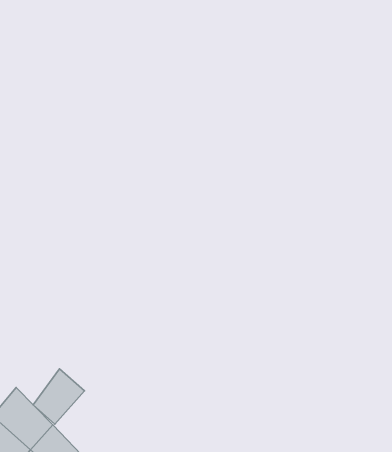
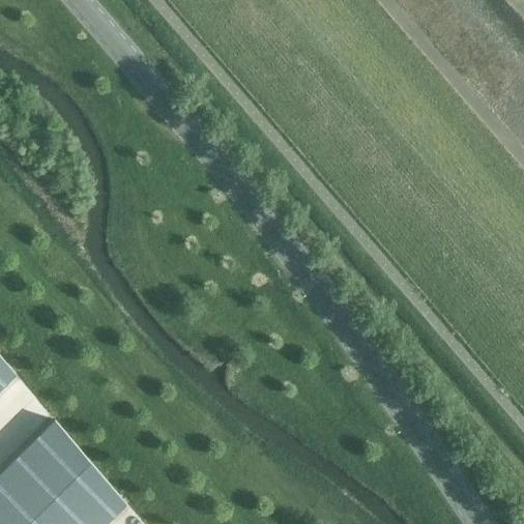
building: [33,369,84,424] -> none

